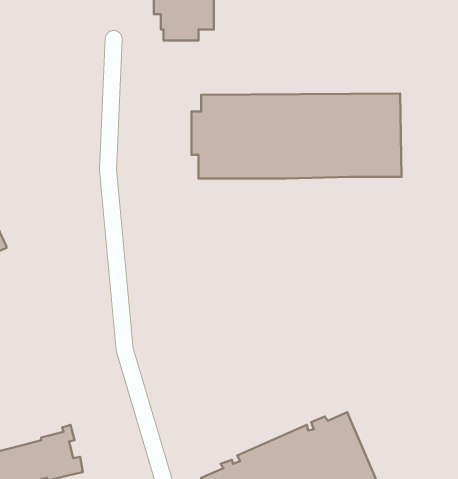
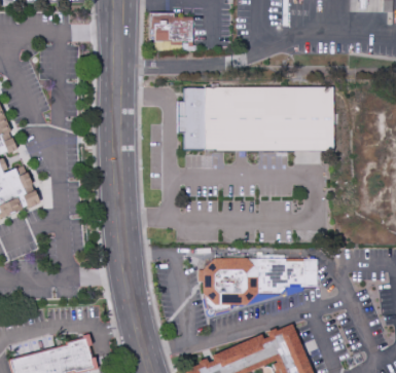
building: none -> [200,257,320,313]

